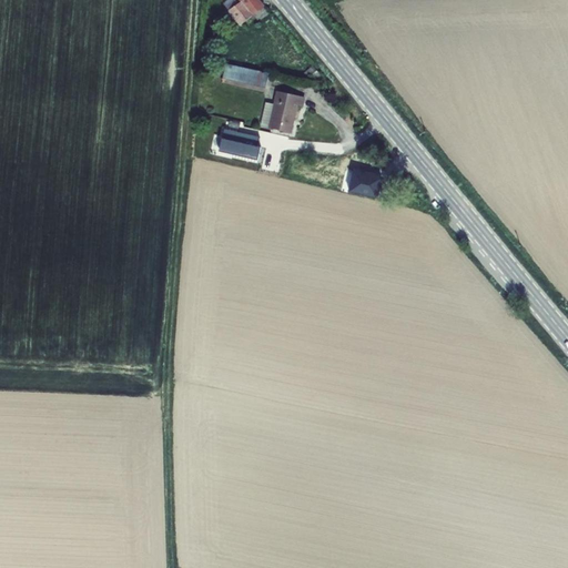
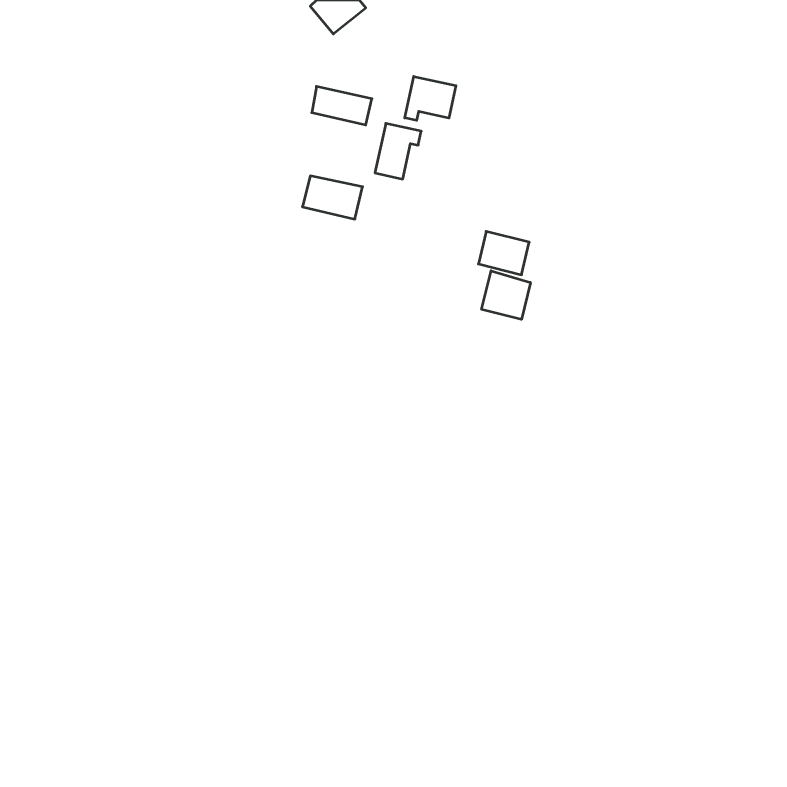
building: none -> [405,76,456,120]
building: none -> [482,271,530,319]

